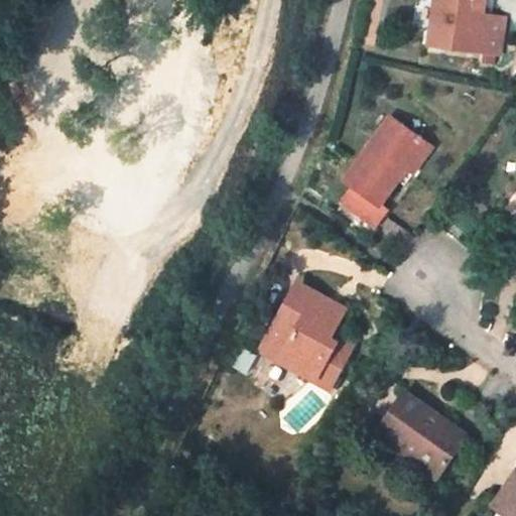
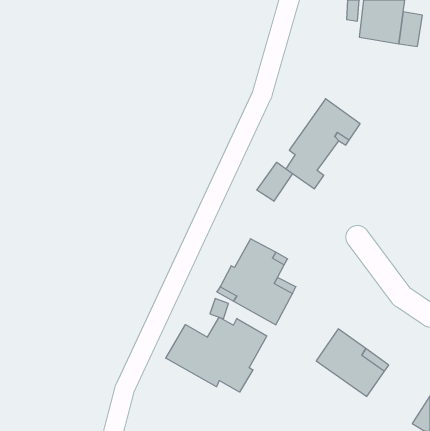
building: none -> [257,162,293,201]
building: none -> [166,317,267,392]

